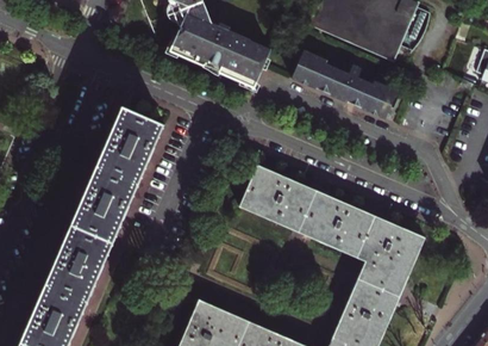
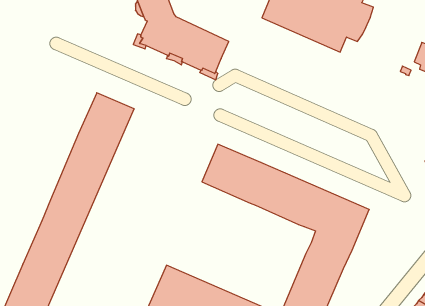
building: [292,51,396,119] -> none

